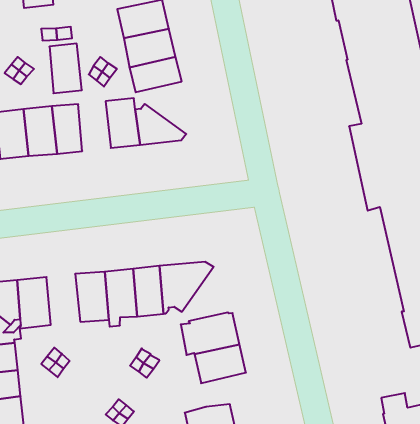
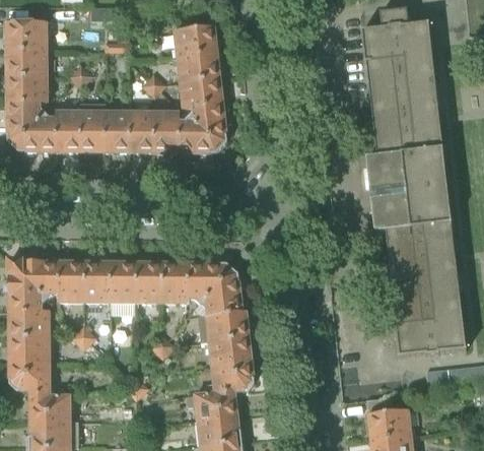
building: [49,44,82,93] -> [128,110,153,151]
building: none -> [181,100,226,146]
building: none -> [200,266,240,312]
building: none -> [83,259,110,302]
building: none -> [210,363,253,389]

